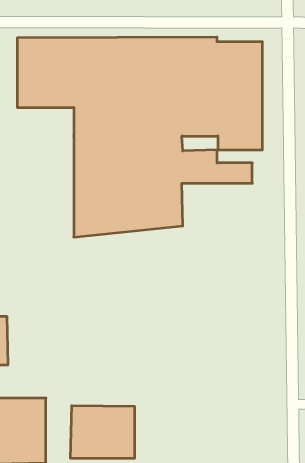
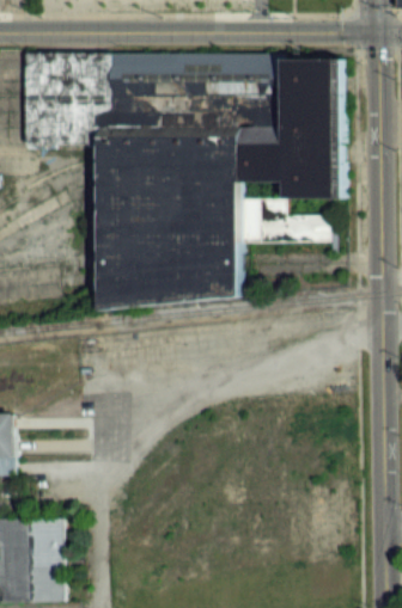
building: [71,406,134,458] -> none

